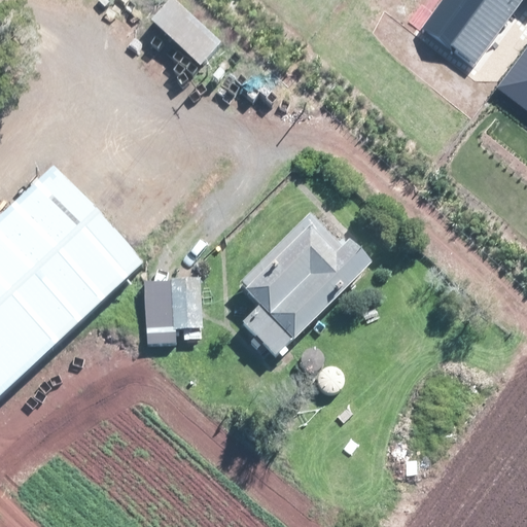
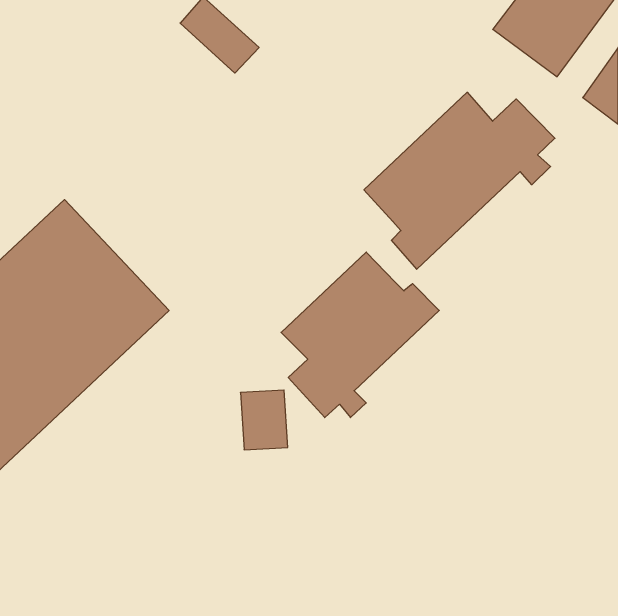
building: none -> [364,92,555,269]
building: [163,276,203,326] -> [240,390,288,450]

